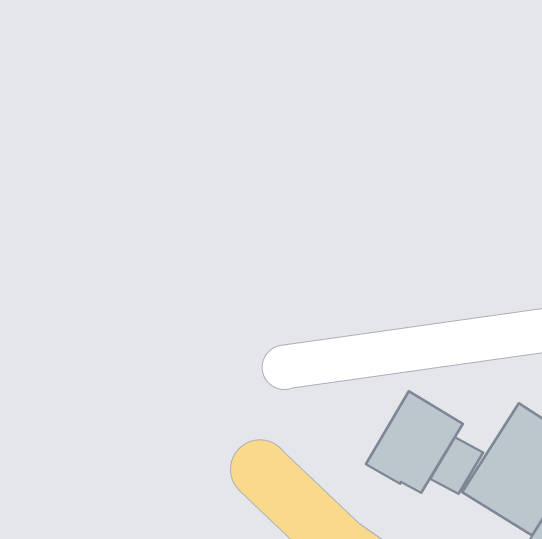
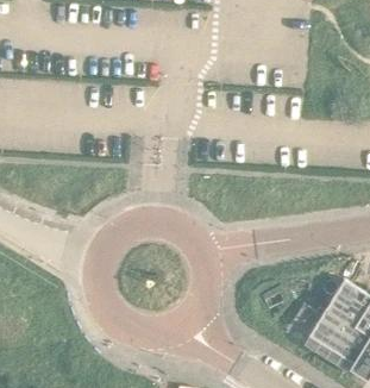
building: [366,391,463,493] -> none

